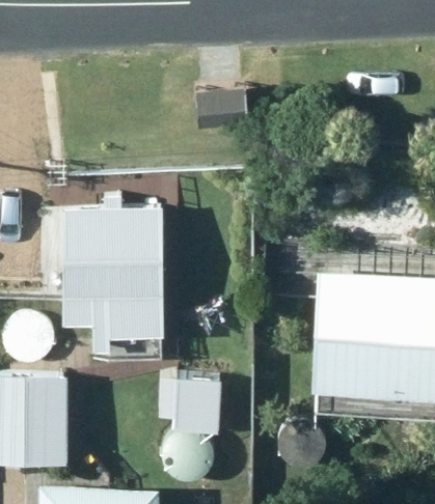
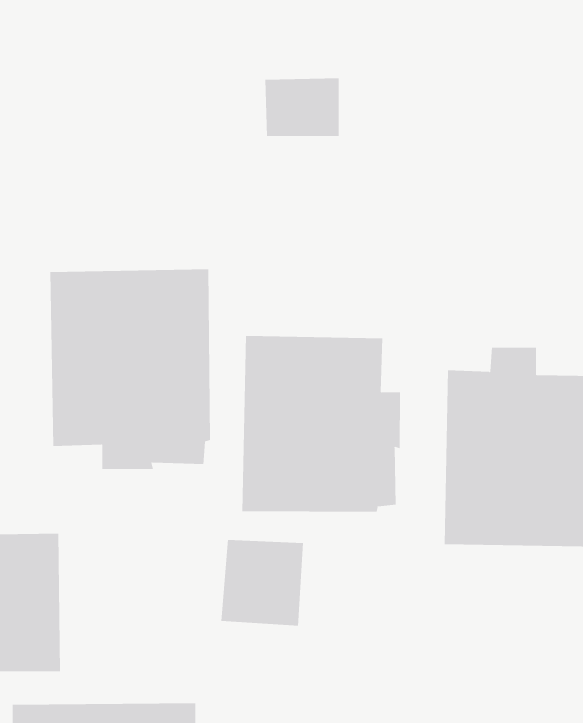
building: none -> [242,335,400,512]

